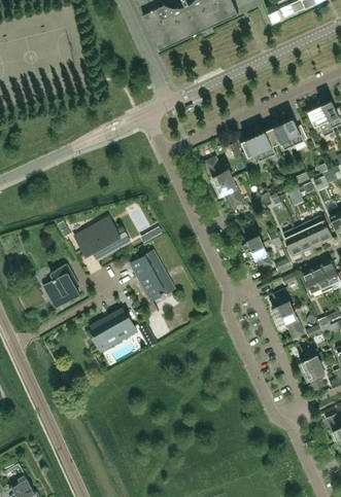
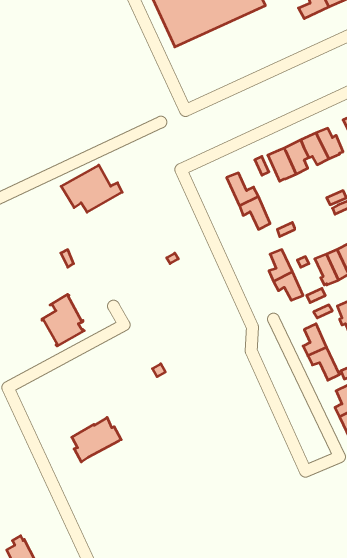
building: [75,218,129,259] -> [61,165,122,212]
building: [129,249,176,303] -> none
building: [92,309,135,348] -> [72,417,121,462]

